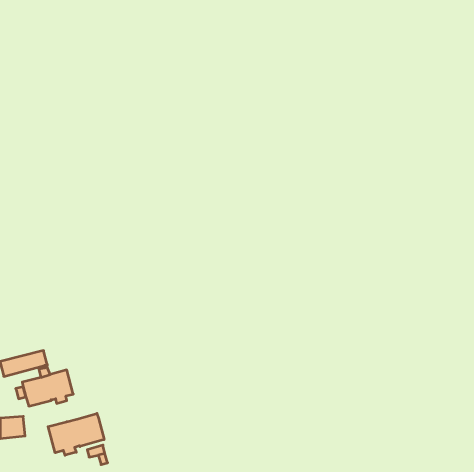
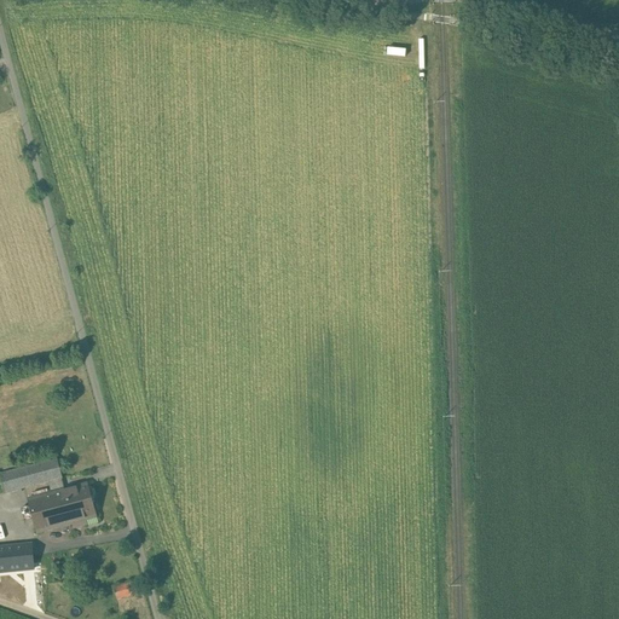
building: [48,413,104,455] -> none

